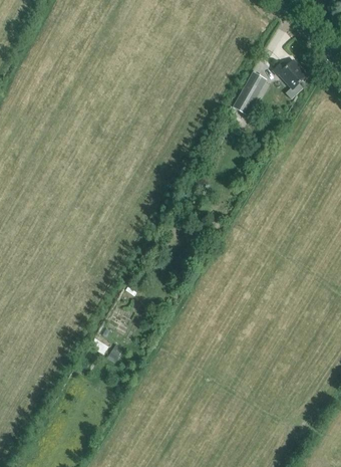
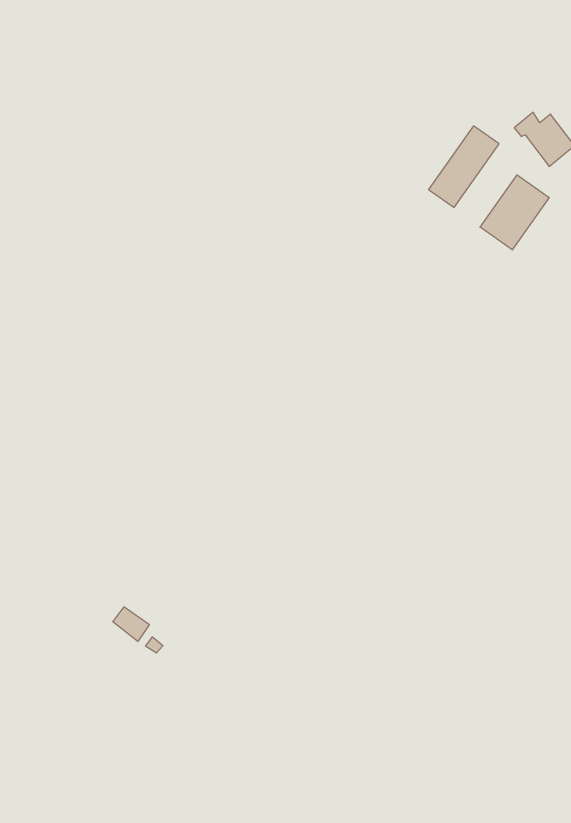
building: none -> [480,175,549,250]

